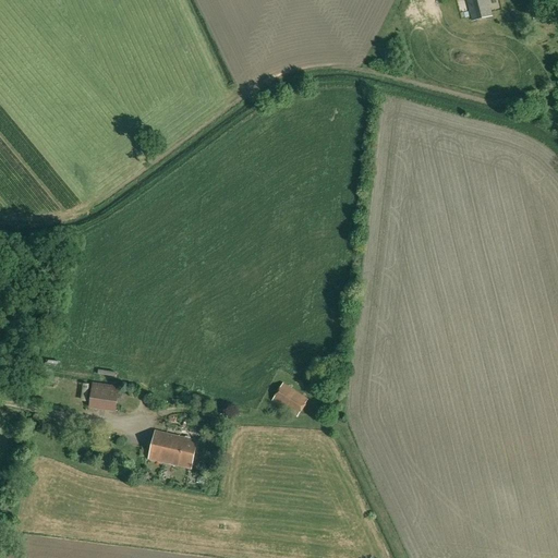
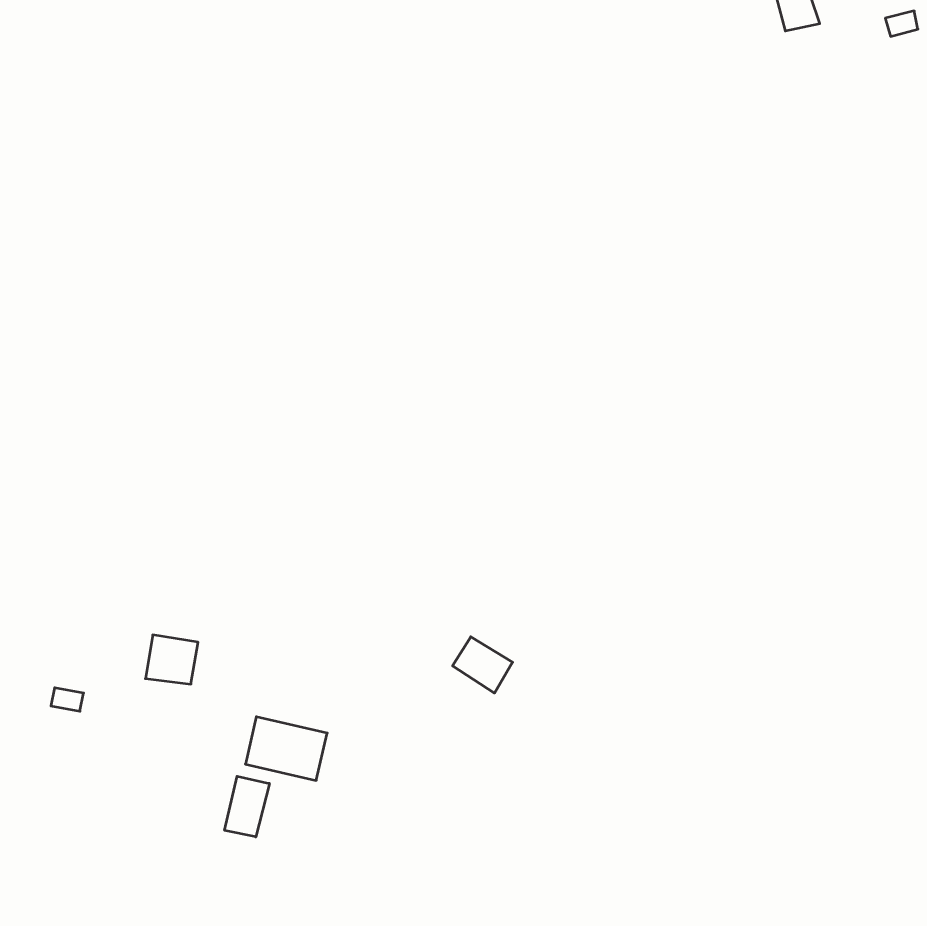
building: none -> [225,776,269,837]

